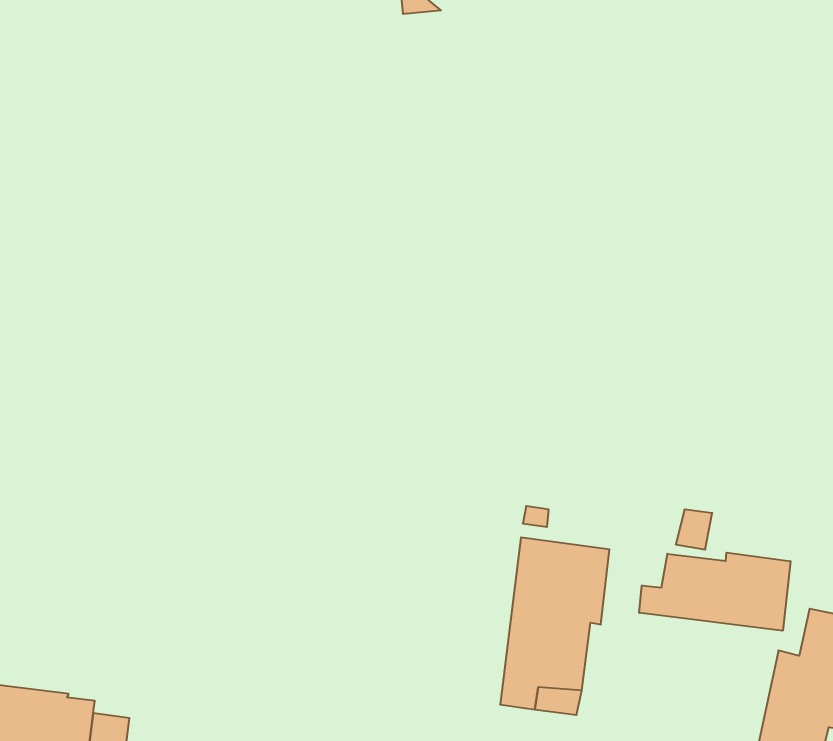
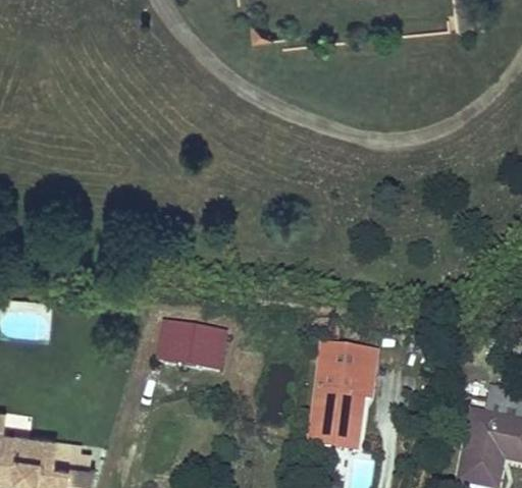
building: none -> [157,320,225,367]
building: [639,553,790,631] -> none

